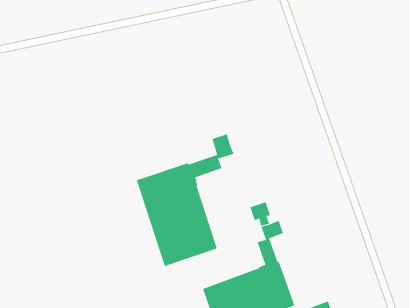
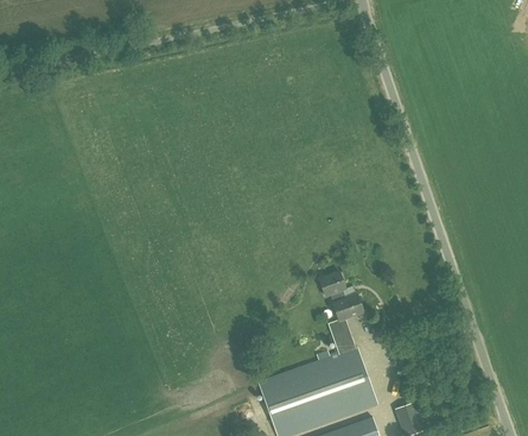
building: [136,133,234,267] -> none

